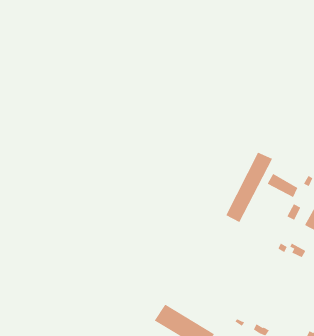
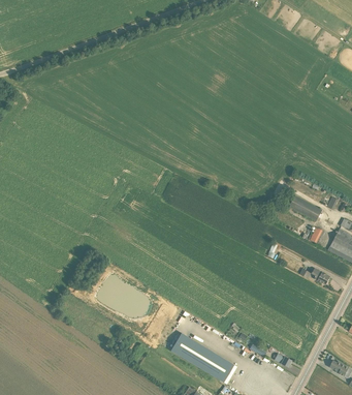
building: [225,152,273,223] -> none

